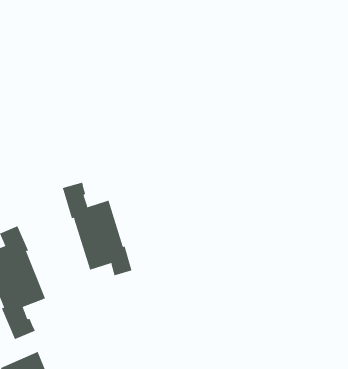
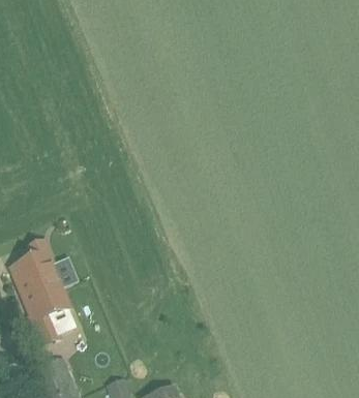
building: [62,182,132,276] -> none

